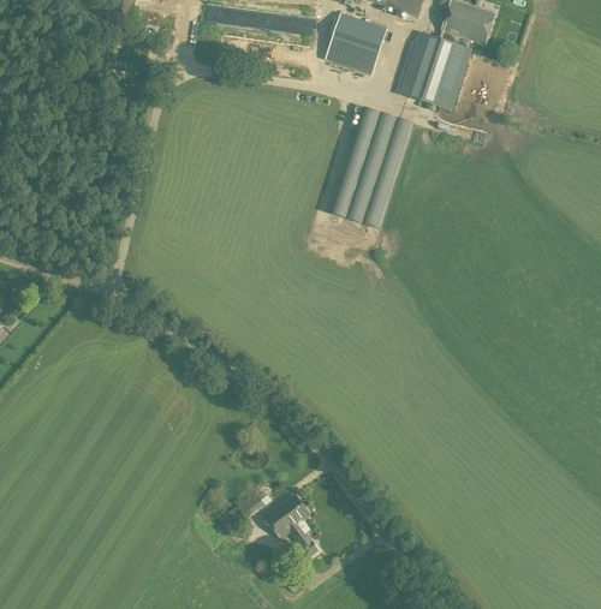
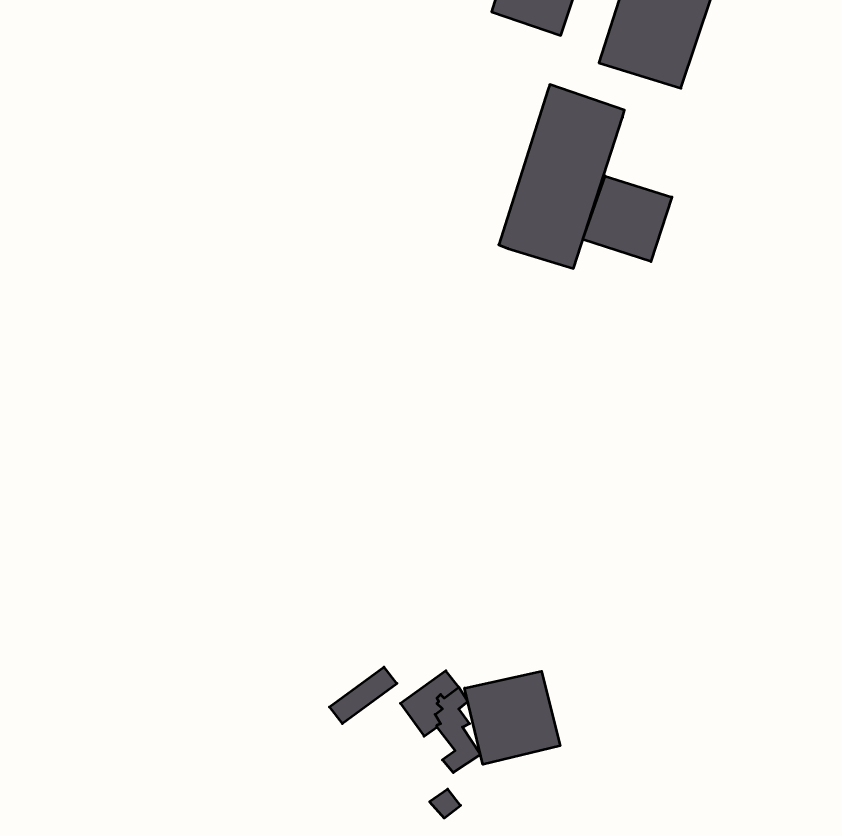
building: none -> [583,176,672,262]
building: none -> [465,671,560,764]

